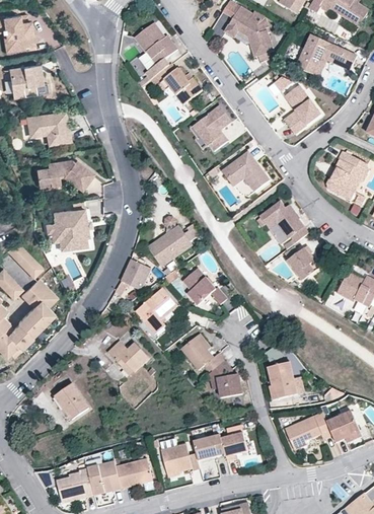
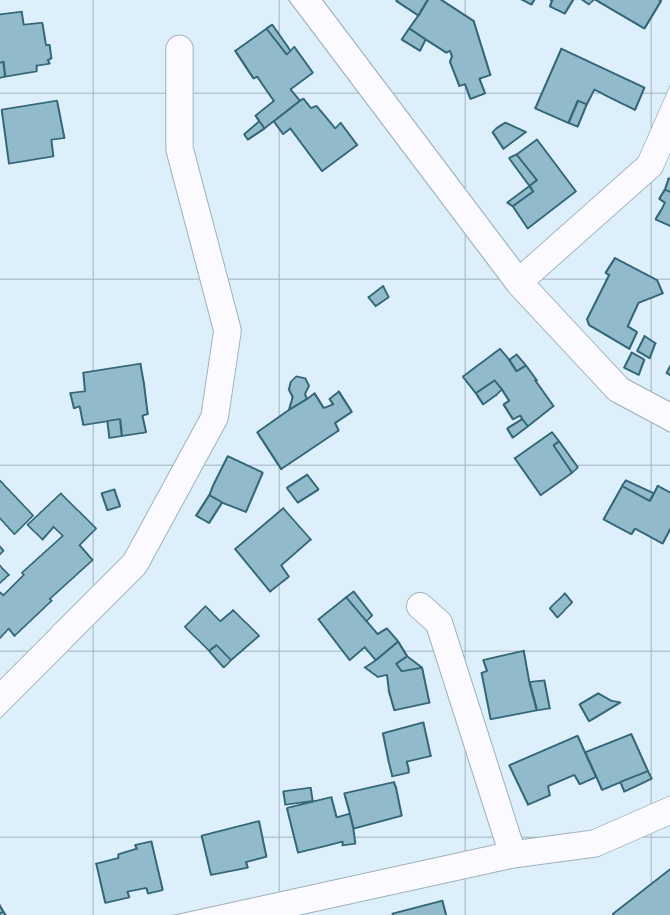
building: [194,105,231,149] -> none
building: [25,111,69,143] -> none
building: [222,150,270,191] -> none
building: [33,158,92,190] -> none
building: [11,246,46,281] -> none
building: [182,267,227,303] -> none
building: [56,384,87,418] -> none
building: [223,434,249,463] -> [383,723,431,776]
building: [89,462,123,496] -> none

